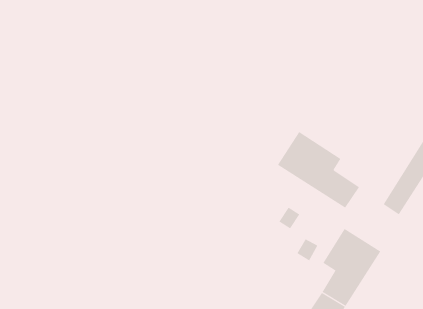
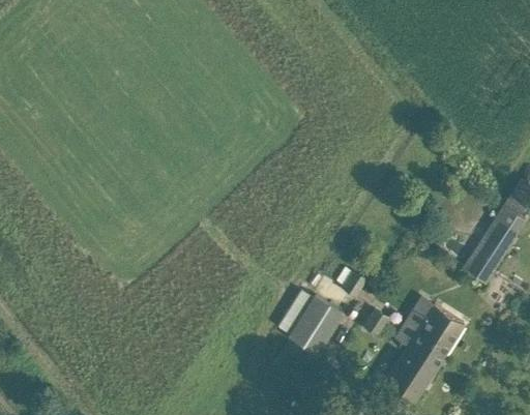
building: [277,131,360,209] -> none
building: none -> [287,295,344,356]

